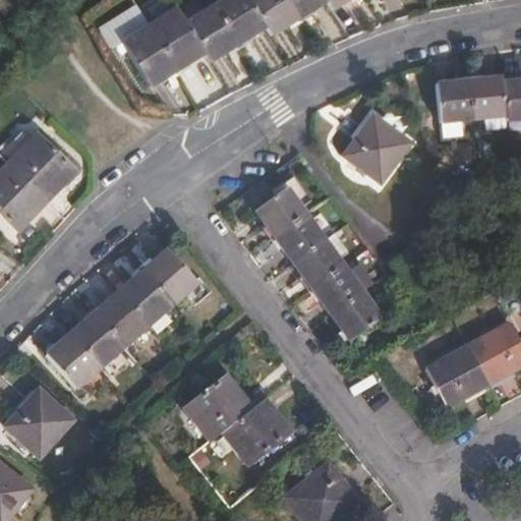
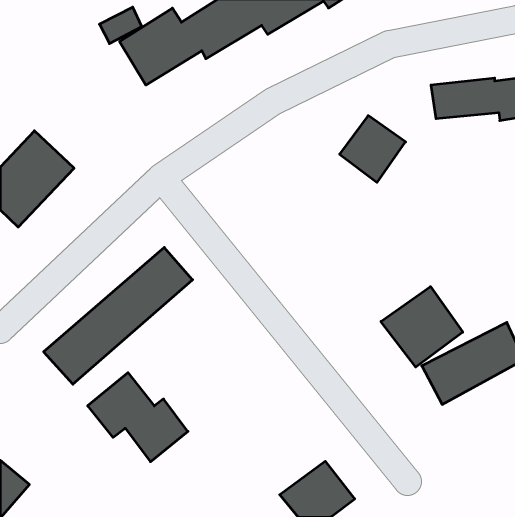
building: [255,187,380,340] -> none
building: none -> [381,287,463,367]
building: [185,374,286,464] -> [88,373,188,462]
building: [7,387,72,452] -> none

